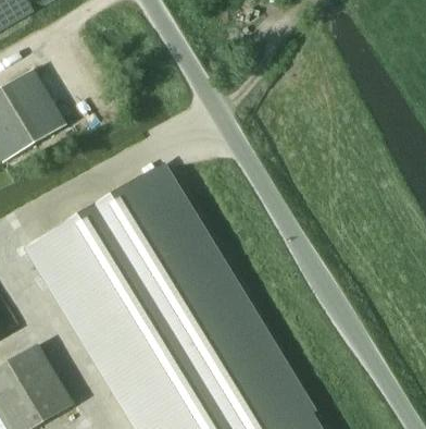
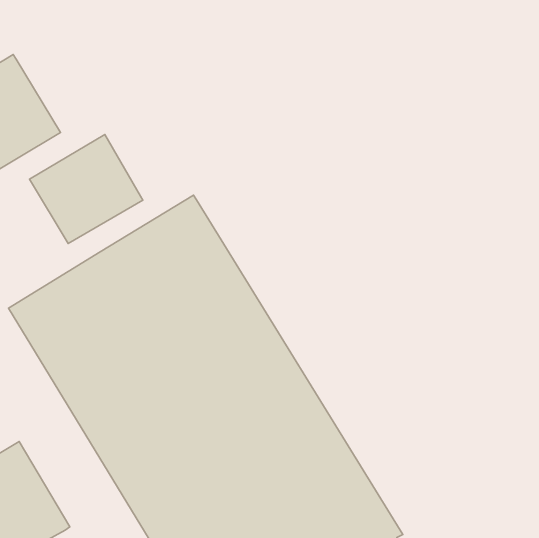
building: none -> [30,134,143,244]

